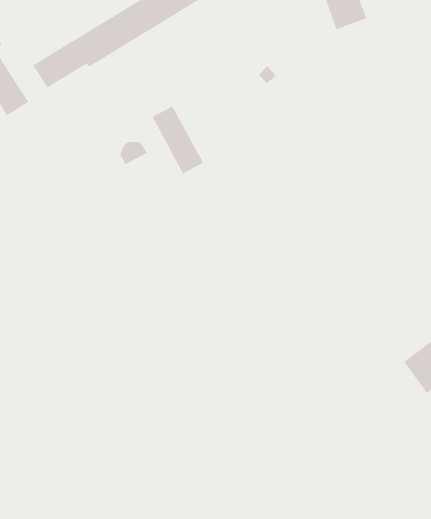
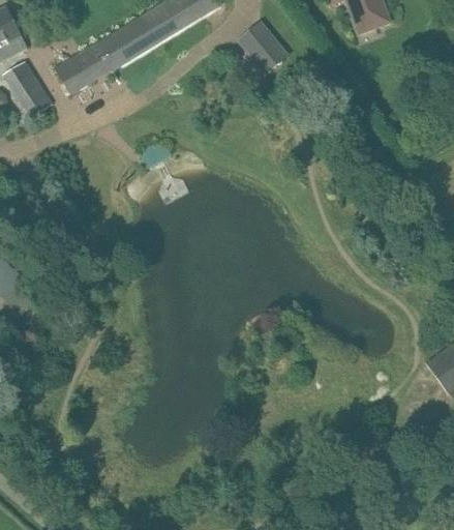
building: none -> [237,20,280,75]
building: [152,106,204,174] -> none

